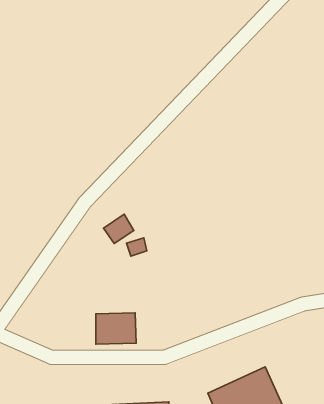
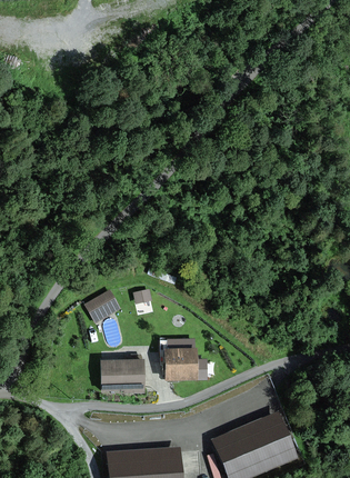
building: [103,214,134,244] -> [87,289,118,319]
building: none -> [161,340,207,379]

